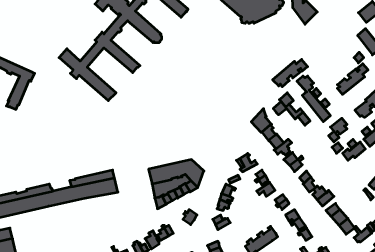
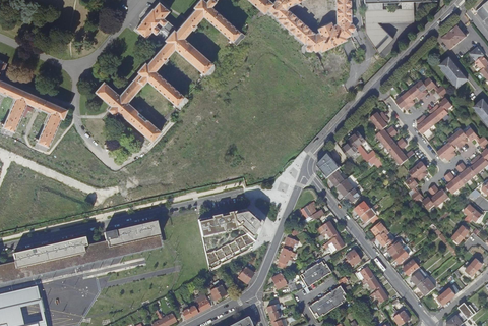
building: [273,59,308,87] -> [395,77,436,109]
building: none -> [300,260,331,287]

